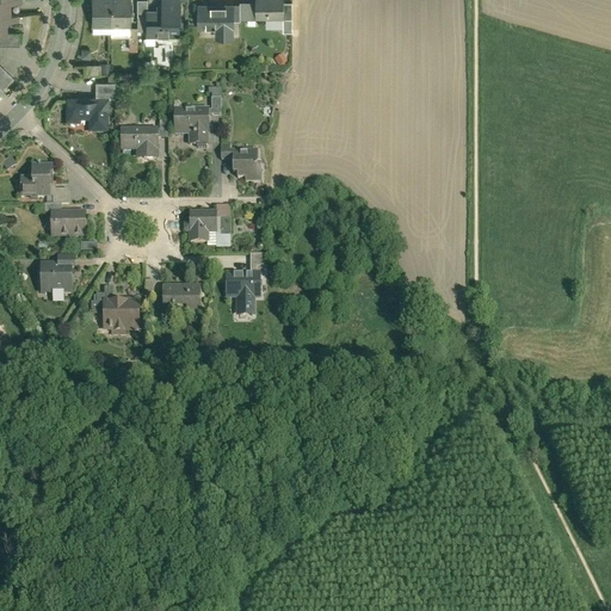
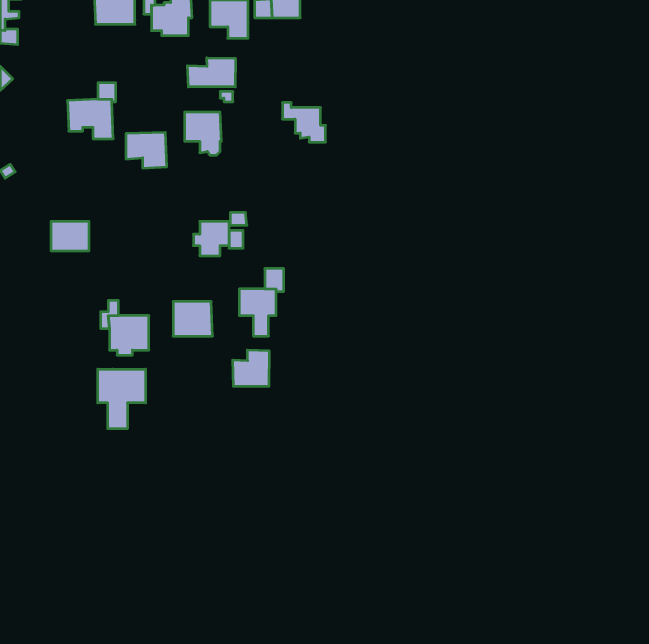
building: none -> [187,58,235,87]
building: [221,142,261,179] -> [282,103,326,142]
building: [20,161,67,202] -> none
building: [41,255,74,291] -> none
building: none -> [233,350,269,386]
building: none -> [98,369,146,429]

